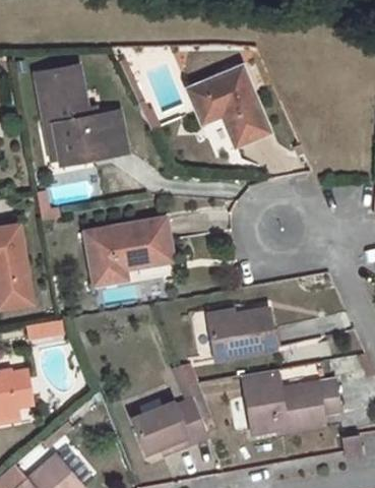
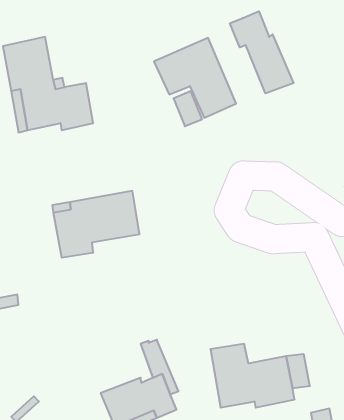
building: none -> [230,11,294,93]
building: [207,307,276,359] -> none

